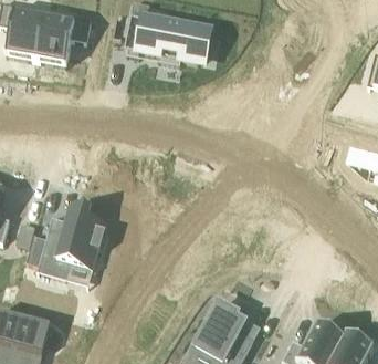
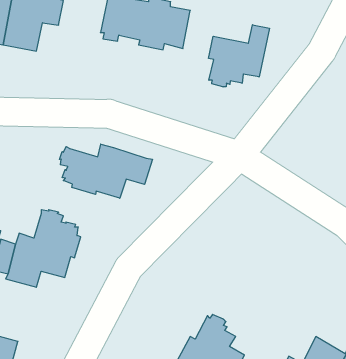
building: none -> [209,25,269,87]
building: none -> [59,144,152,198]

